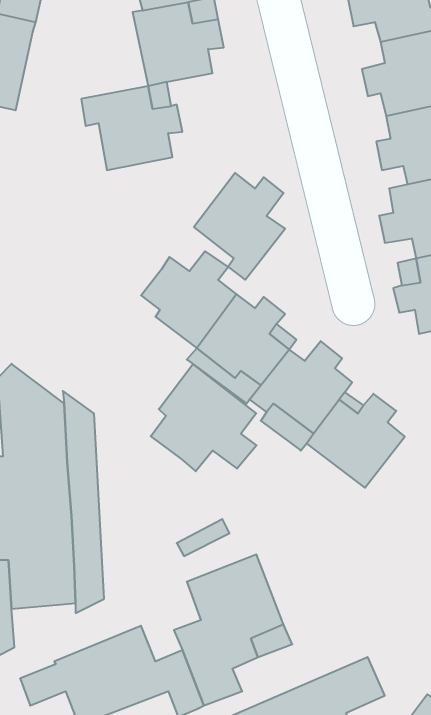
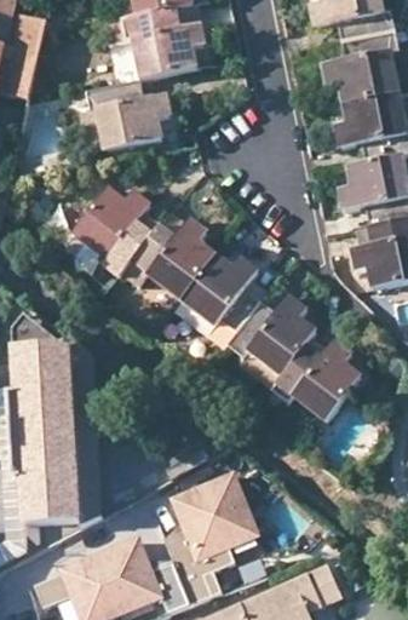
building: [194,173,285,280] -> [74,186,151,277]
building: [151,364,257,471] -> none

